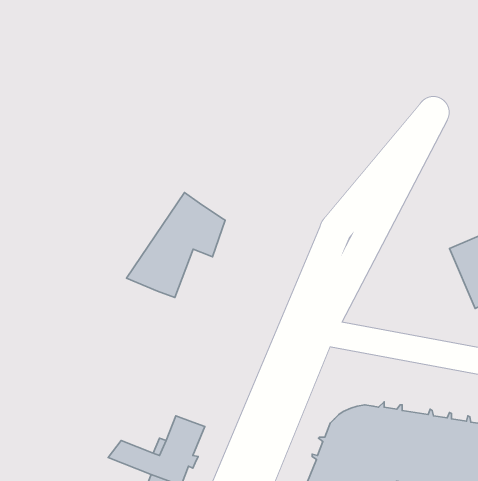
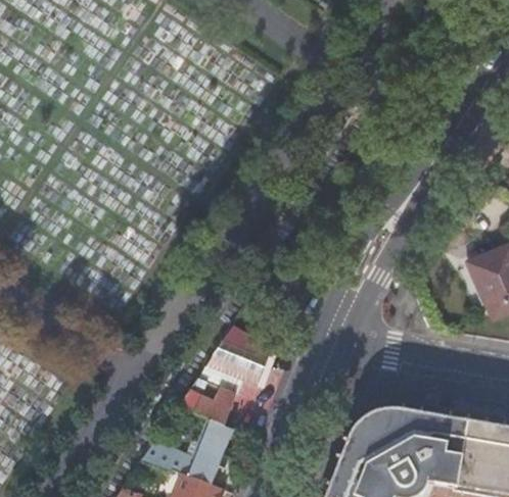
building: [126,192,225,297] -> [179,327,273,427]

